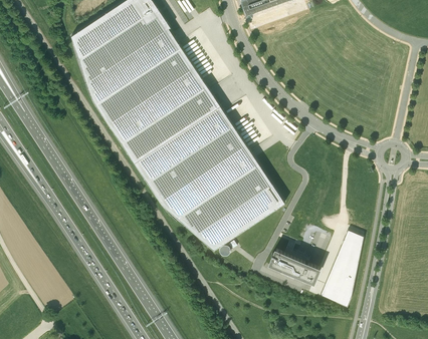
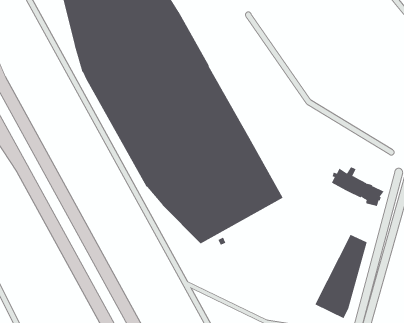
building: [271,247,319,281] -> [331,166,384,207]

